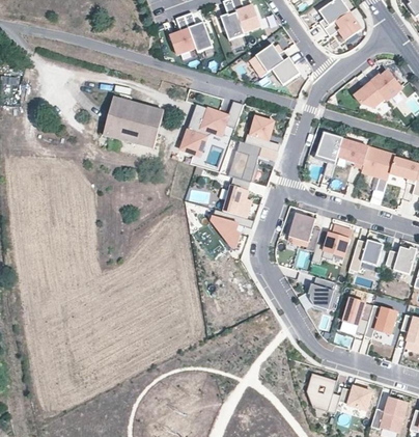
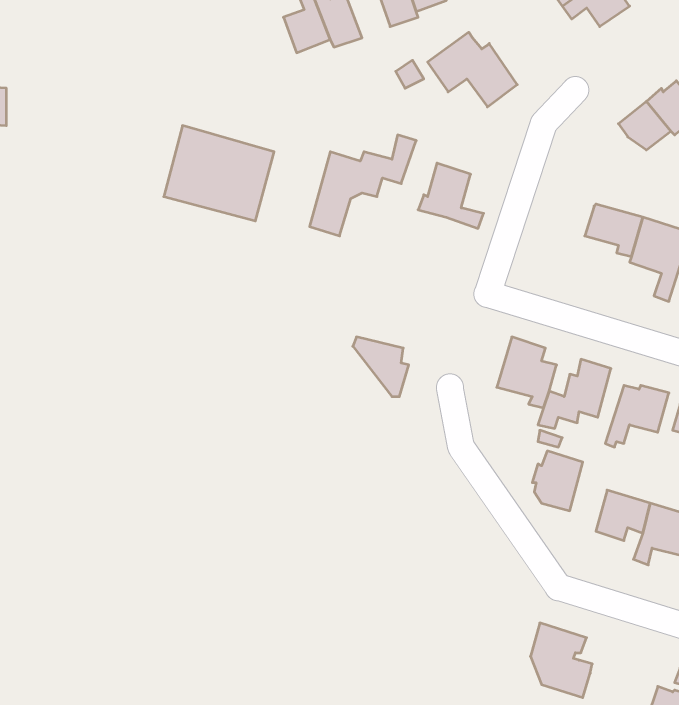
building: [314,134,342,177] -> none
building: [223,140,260,218] -> none
building: [340,385,373,410] -> none

